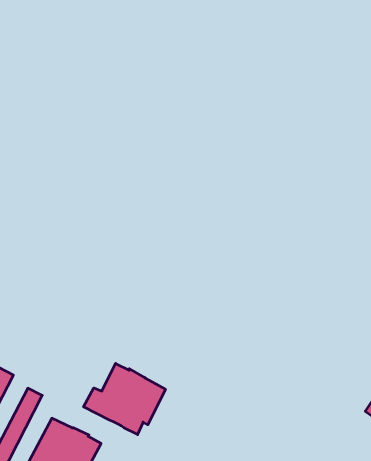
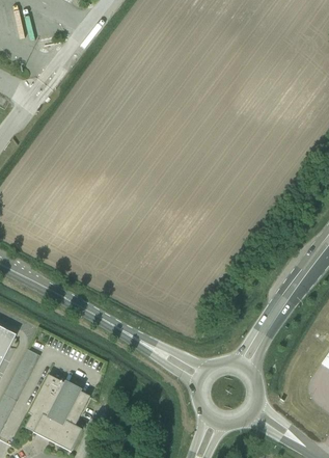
building: [84,363,165,435] -> none

